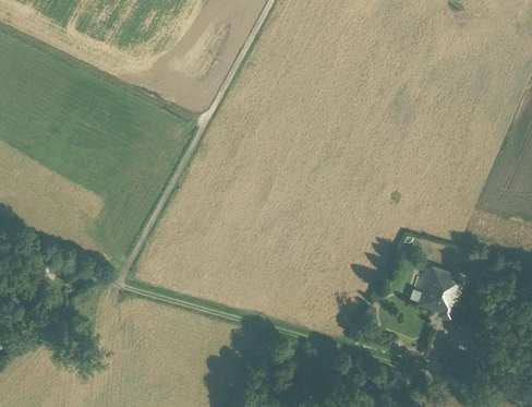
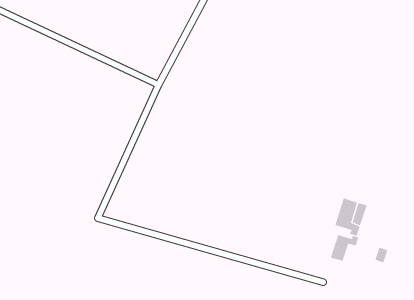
building: none -> [330,234,359,262]

